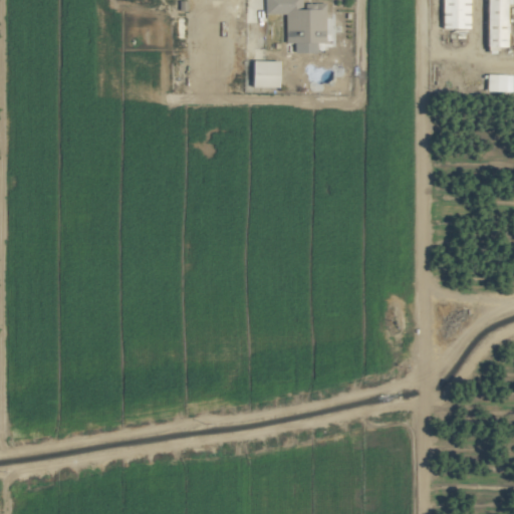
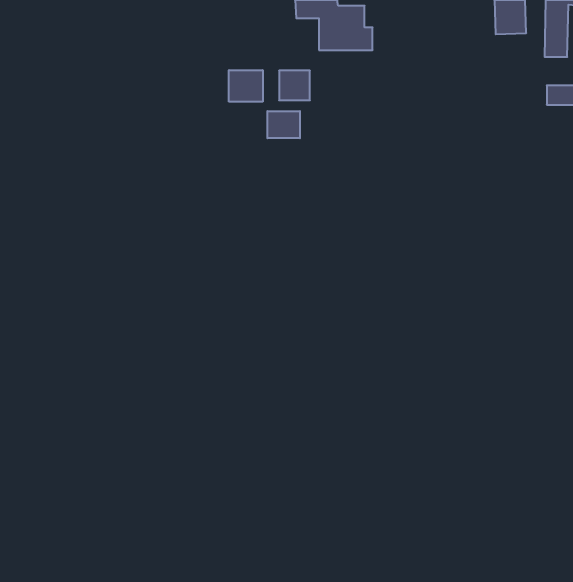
building: none -> [229,70,263,102]
building: none -> [267,111,300,138]

